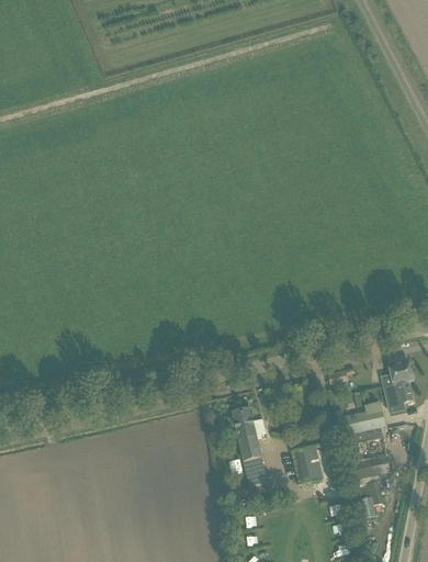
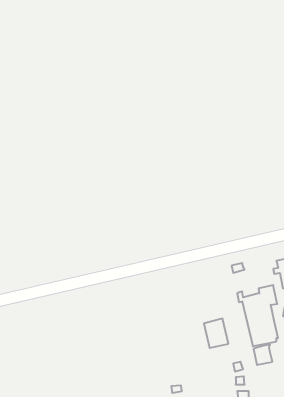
building: [227,406,267,485] -> none

